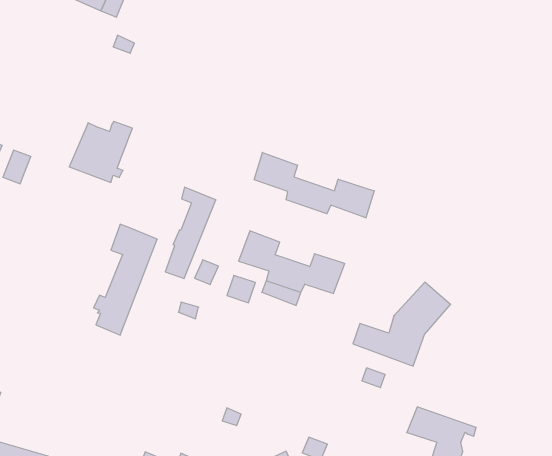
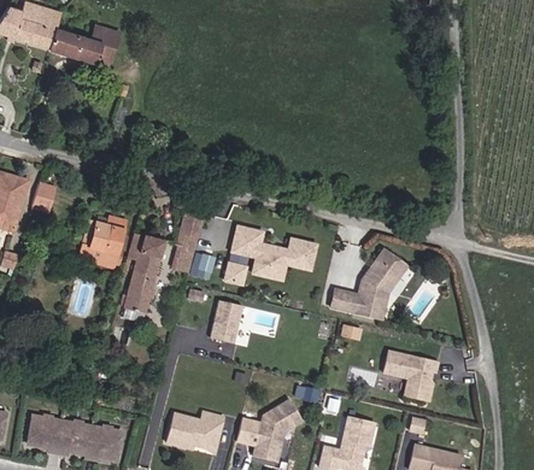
building: [69,121,132,182] -> [78,217,125,266]
building: [254,152,374,218] -> none
building: none -> [211,300,242,342]

